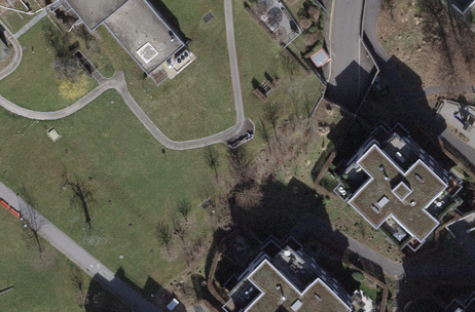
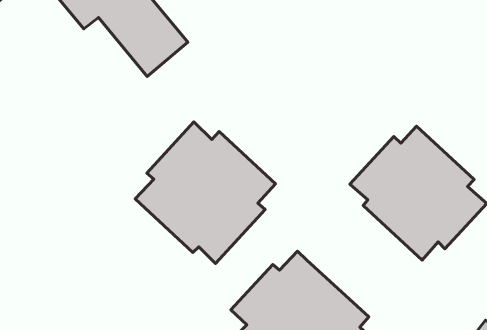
building: none -> [135,122,276,263]

